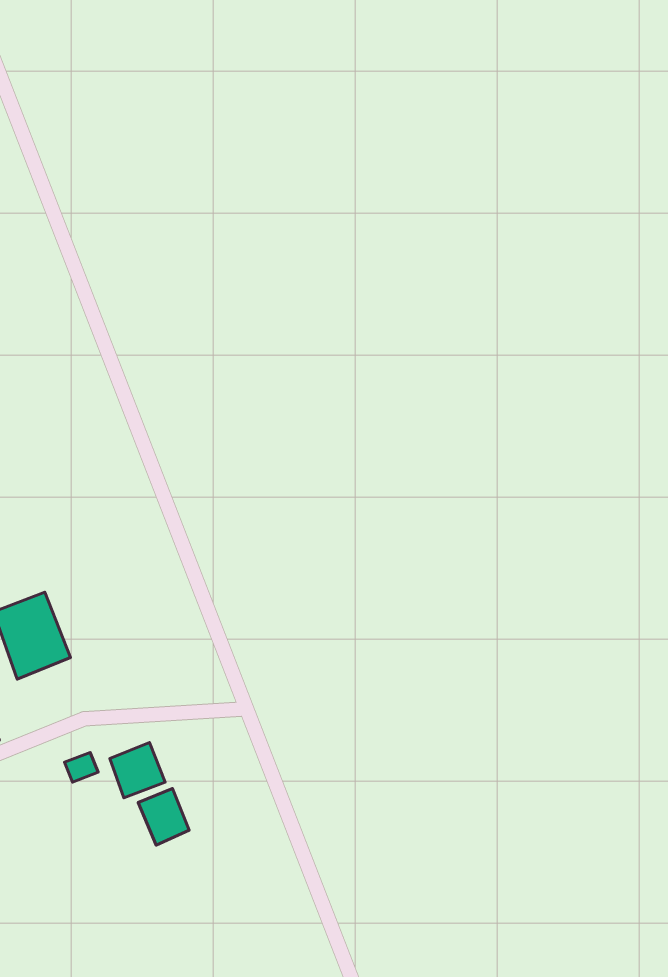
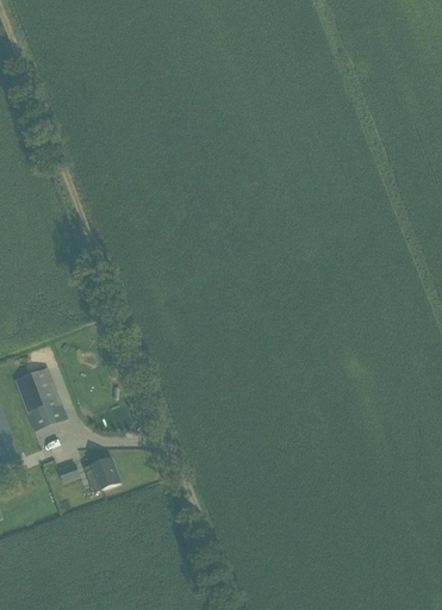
building: [138,789,189,845] -> none

